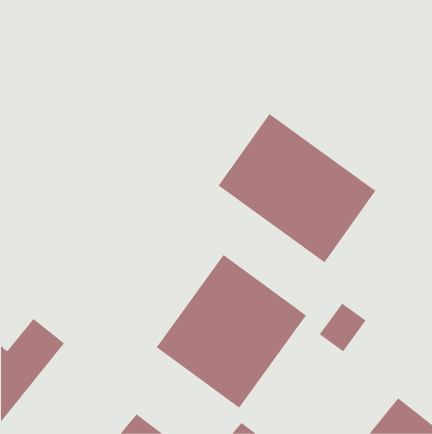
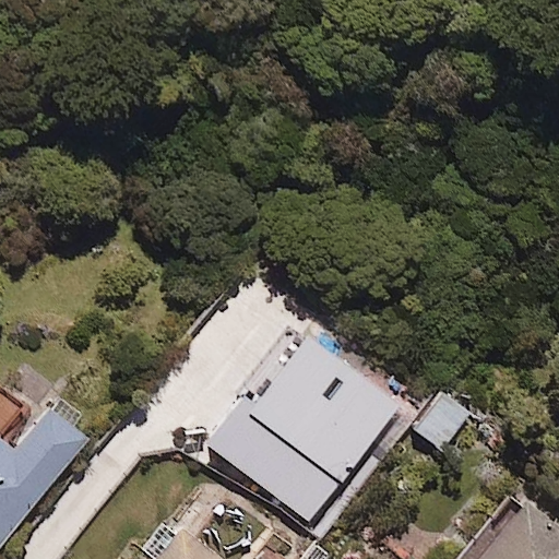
building: [218,113,376,263] -> none

